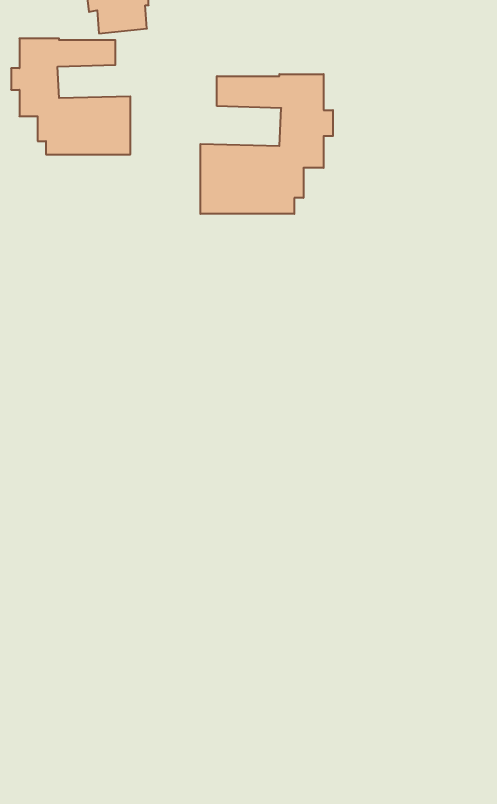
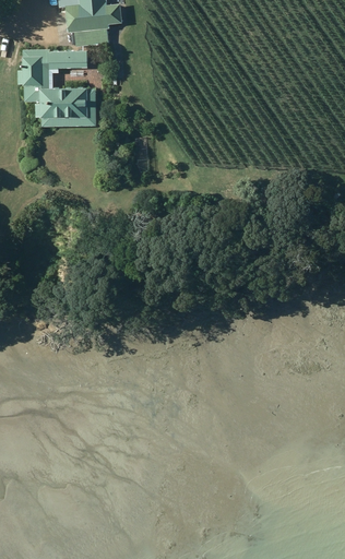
building: [200,74,333,214] -> none

